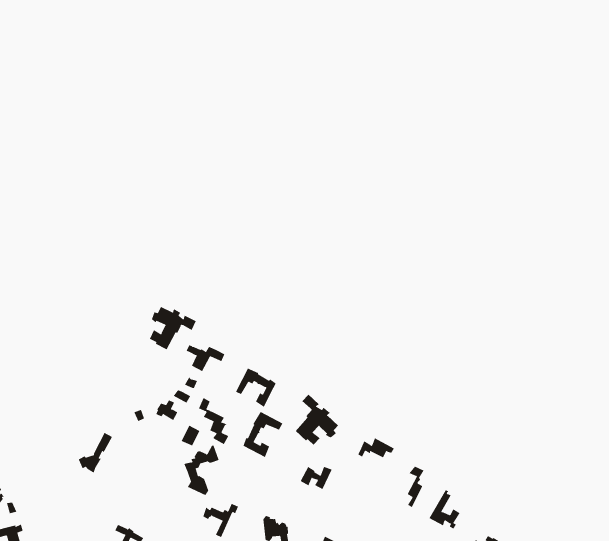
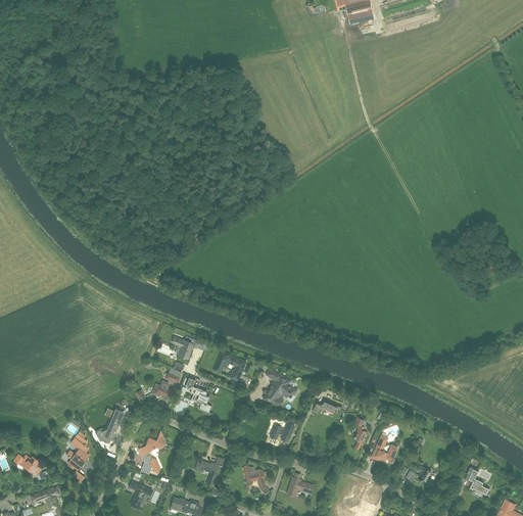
building: [149,306,196,350] -> none
building: [243,411,283,458] -> none
building: [184,445,219,496] -> [139,433,167,473]
building: none -> [68,433,90,470]

